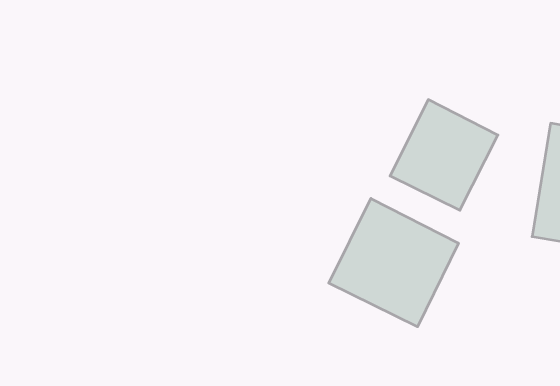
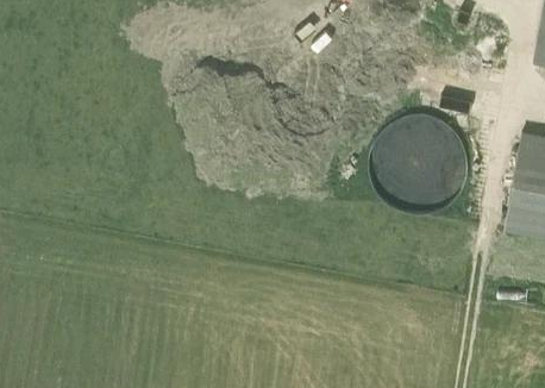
building: [329,198,458,327] -> none

